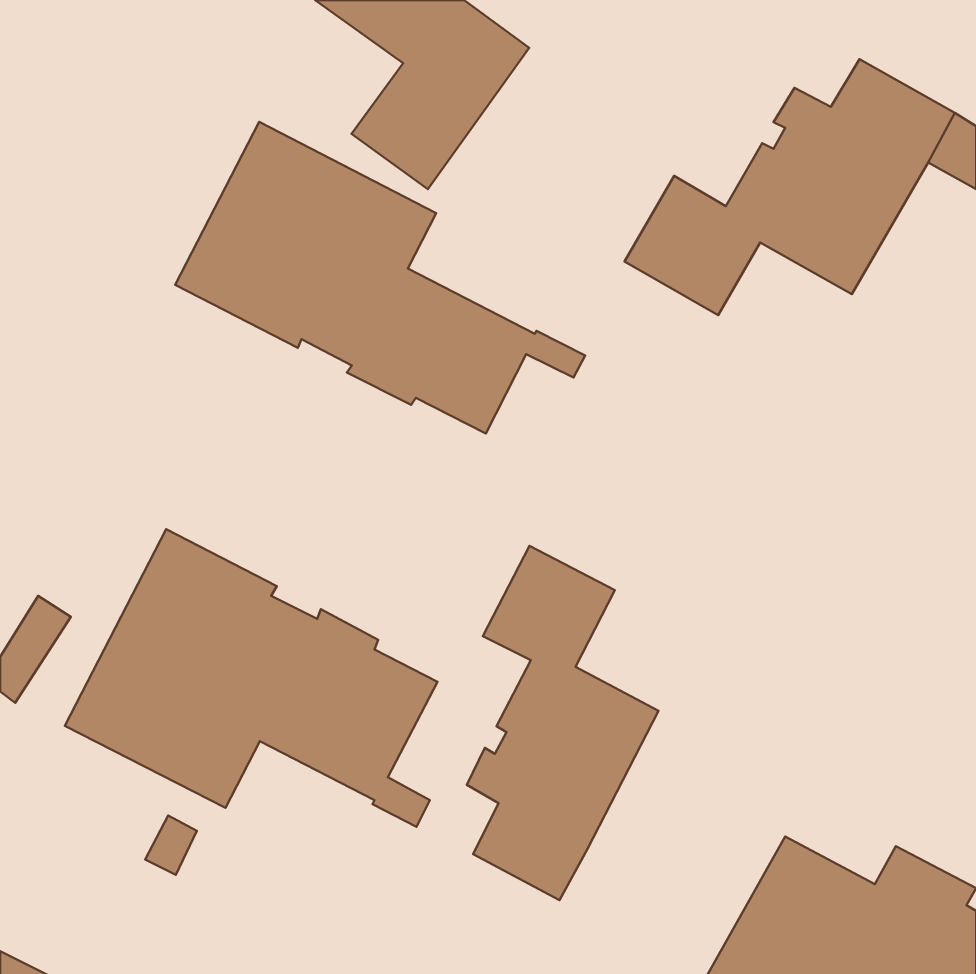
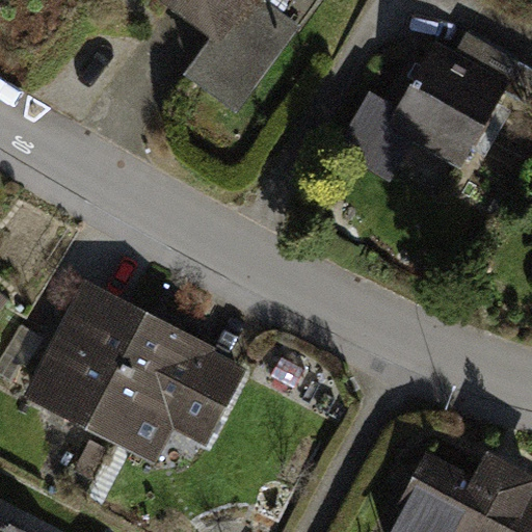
building: [175,122,585,434] -> none
building: [467,546,658,900] -> none

